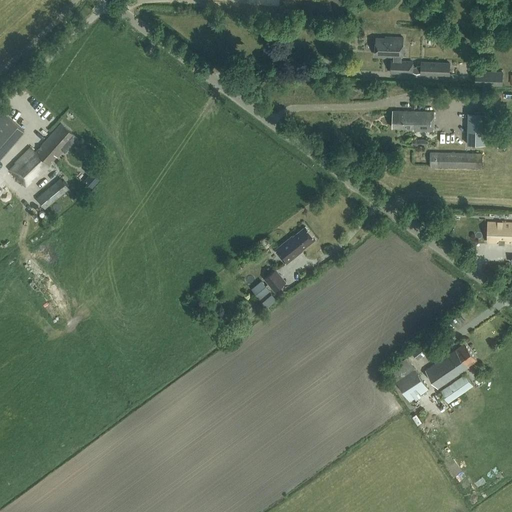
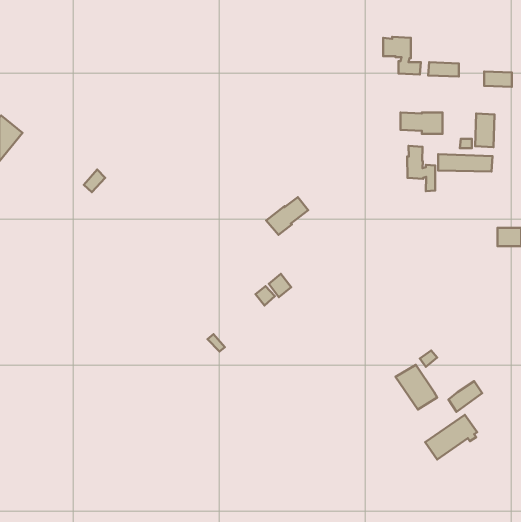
building: [8,123,76,186] -> none
building: none -> [407,146,435,191]
building: [35,178,71,209] -> none
building: [274,226,315,263] -> [266,197,308,235]
building: [425,343,476,387] -> [425,415,477,460]

